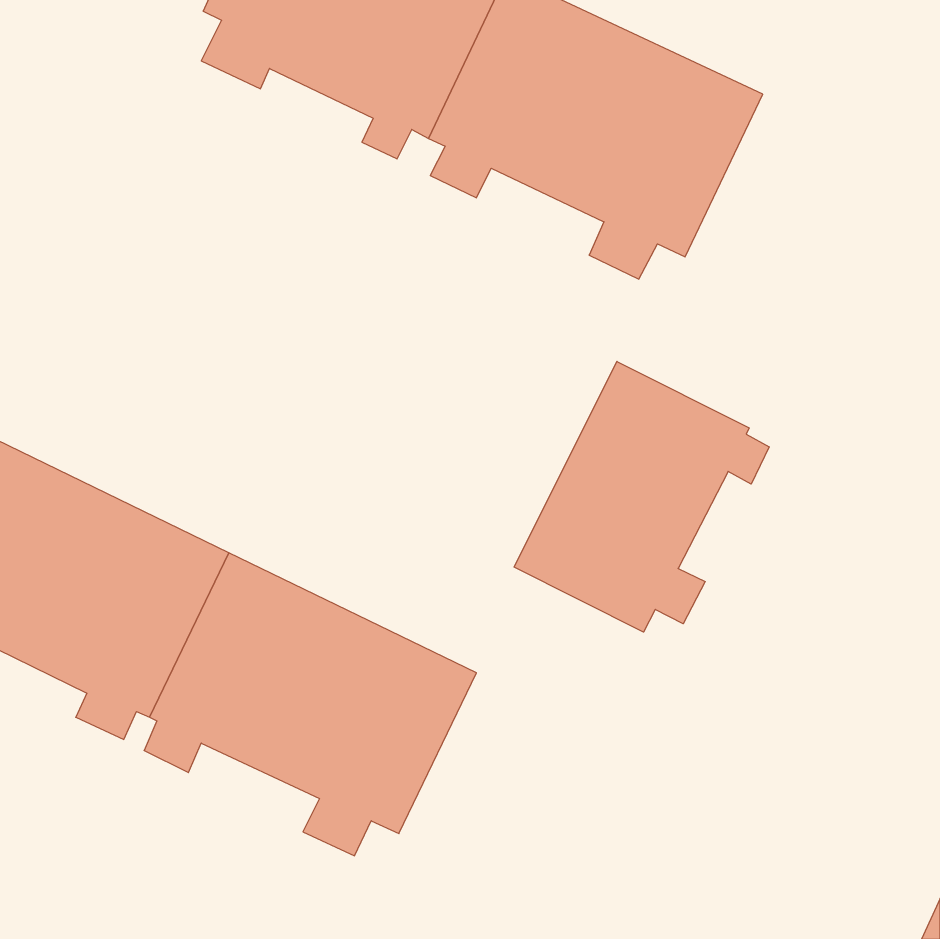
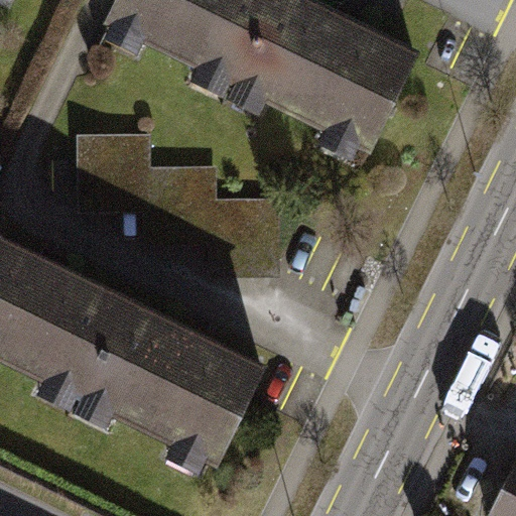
building: none -> [81,136,276,268]
building: [514,361,769,632] -> none

